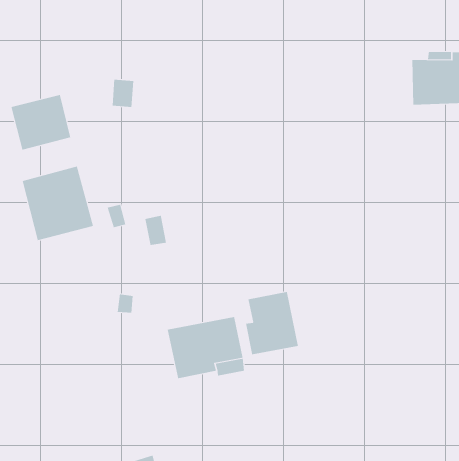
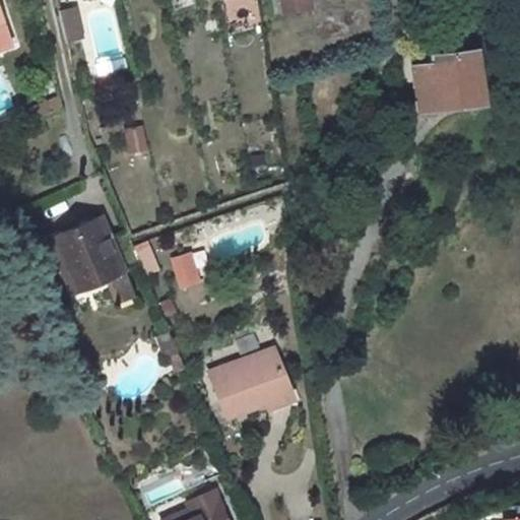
building: [11,94,71,150] -> none
building: [245,291,299,355] -> none

